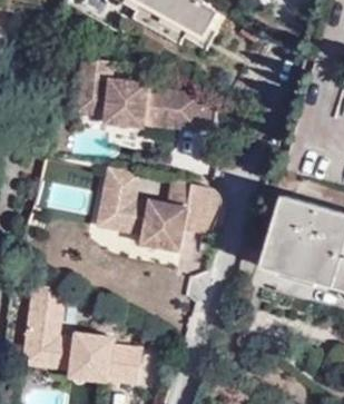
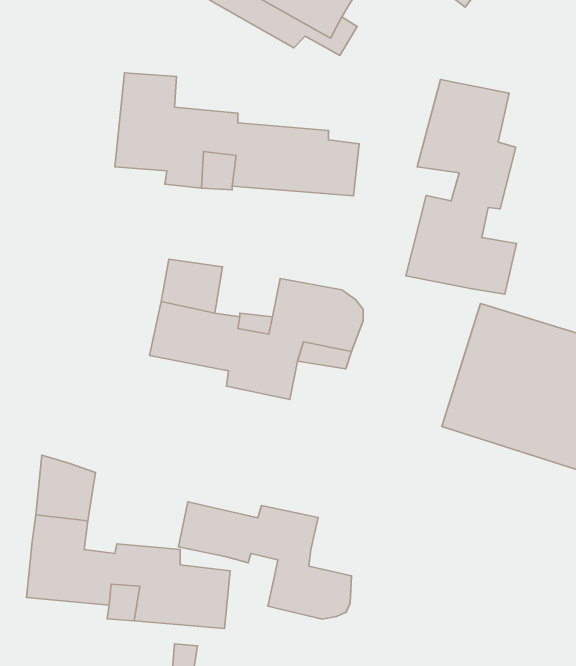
building: none -> [406,79,517,294]
building: none -> [178,502,352,619]

